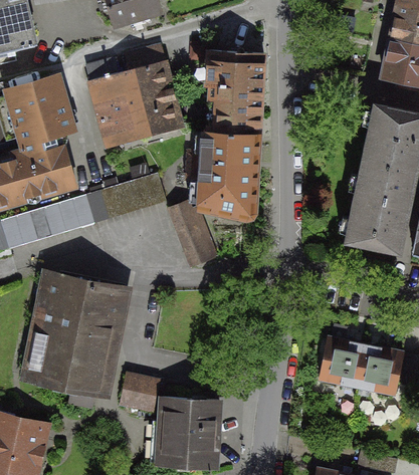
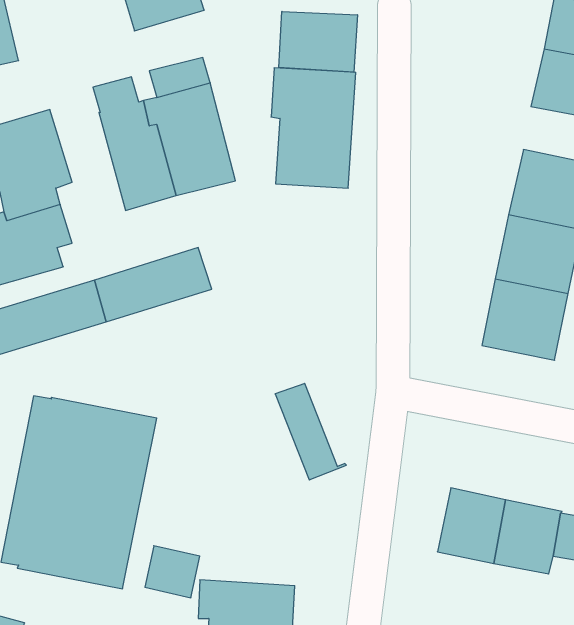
building: none -> [279,11,357,72]
building: [187,130,259,217] -> none
building: [169,201,217,266] -> [275,383,346,480]

